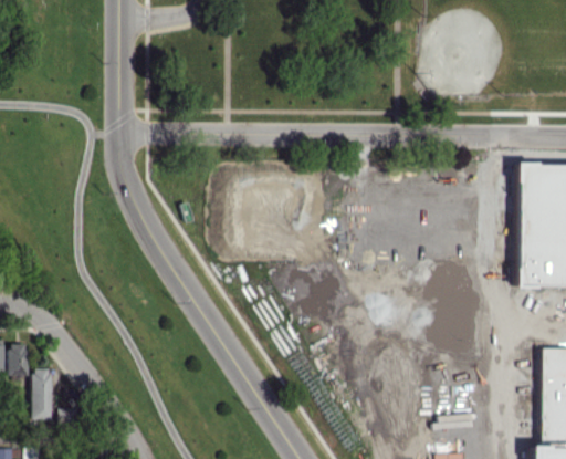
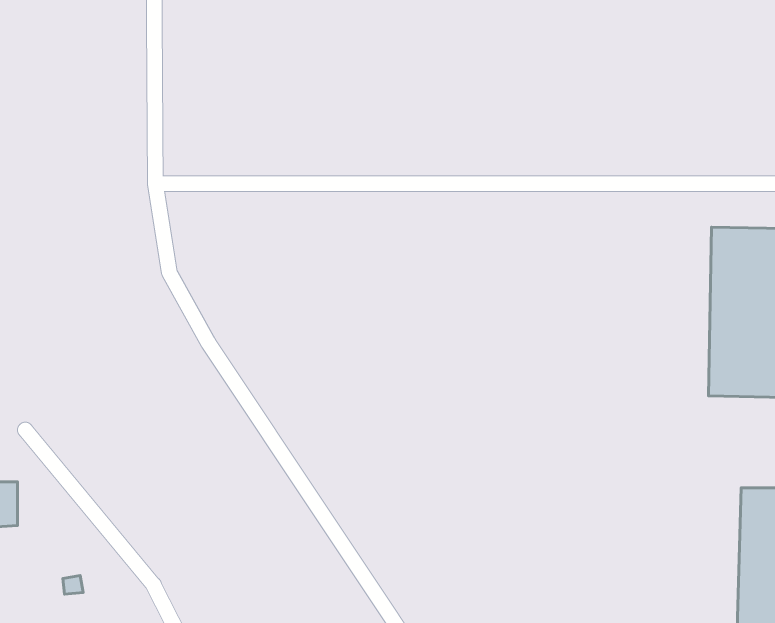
building: [33,369,53,420] -> none

